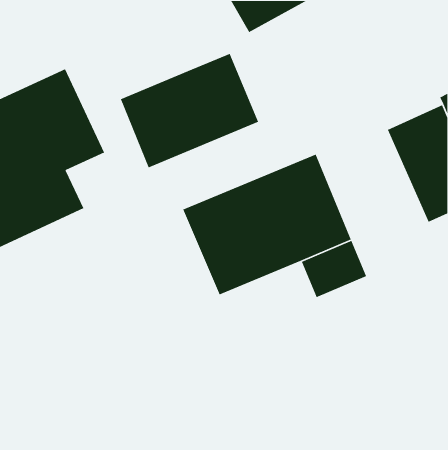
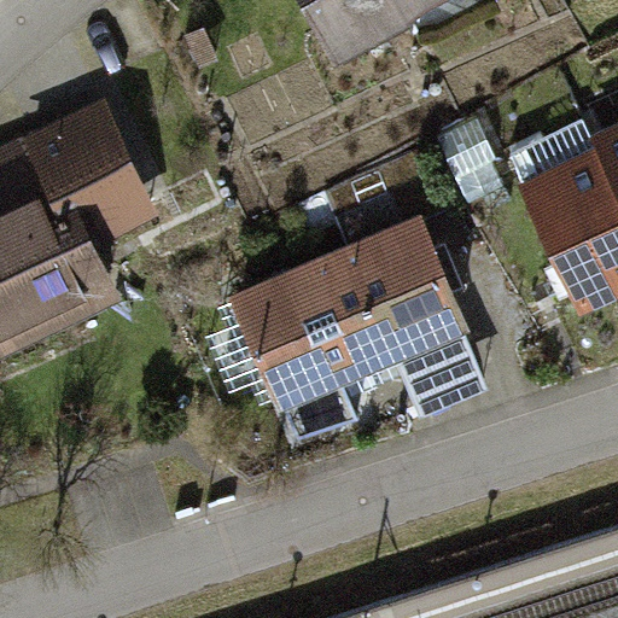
building: [120,53,259,169] -> none

